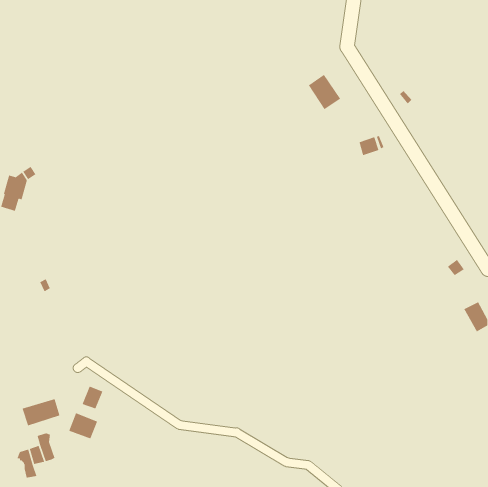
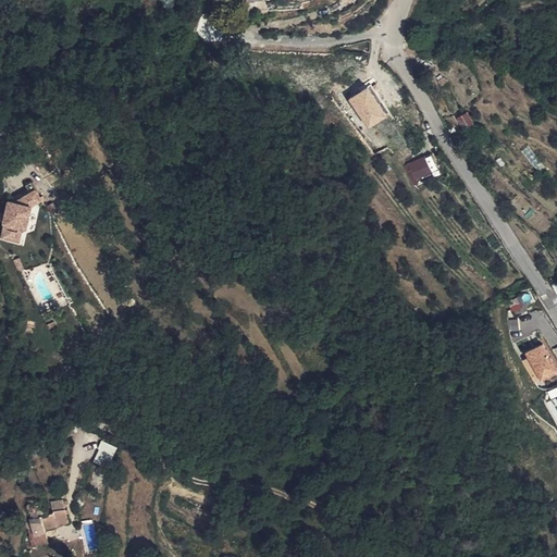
building: [21,398,60,427] -> none
building: [68,412,98,440] -> none

